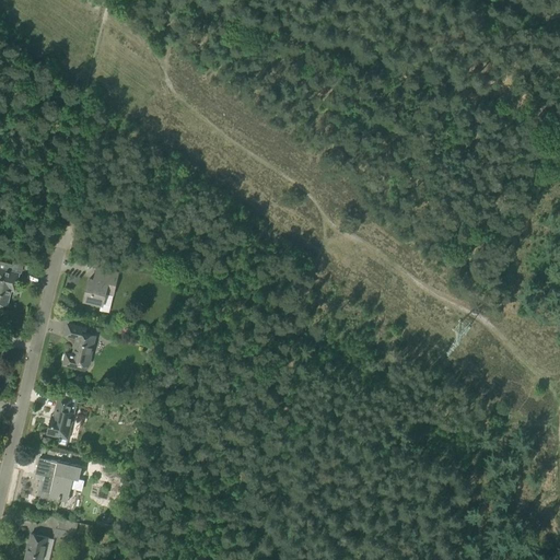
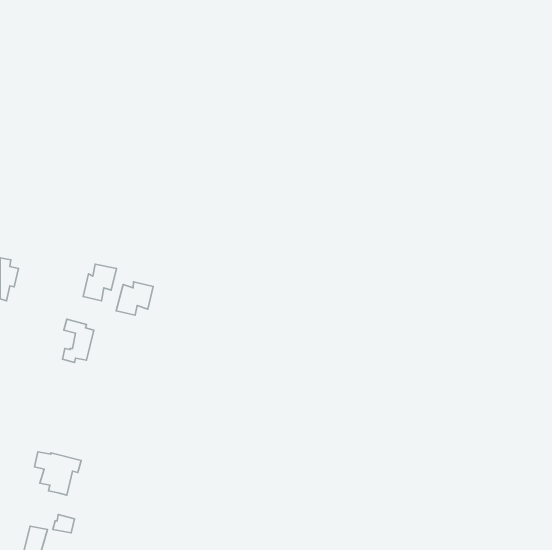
building: none -> [116,282,153,315]
building: [47,396,74,440] -> none

